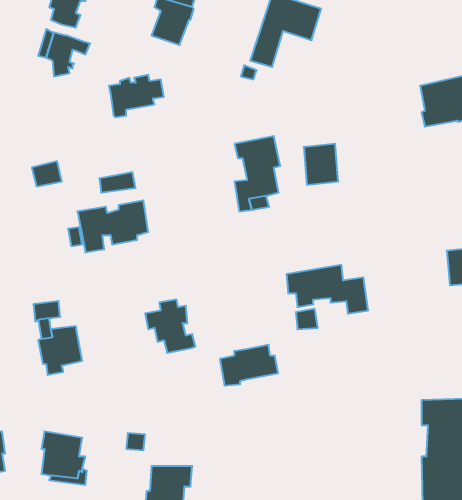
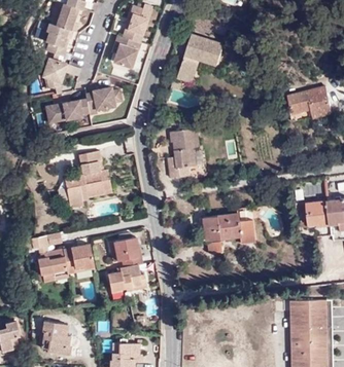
building: none -> [46,100,89,123]
building: none -> [64,246,95,274]
building: [220,345,278,386] -> [107,266,145,293]

